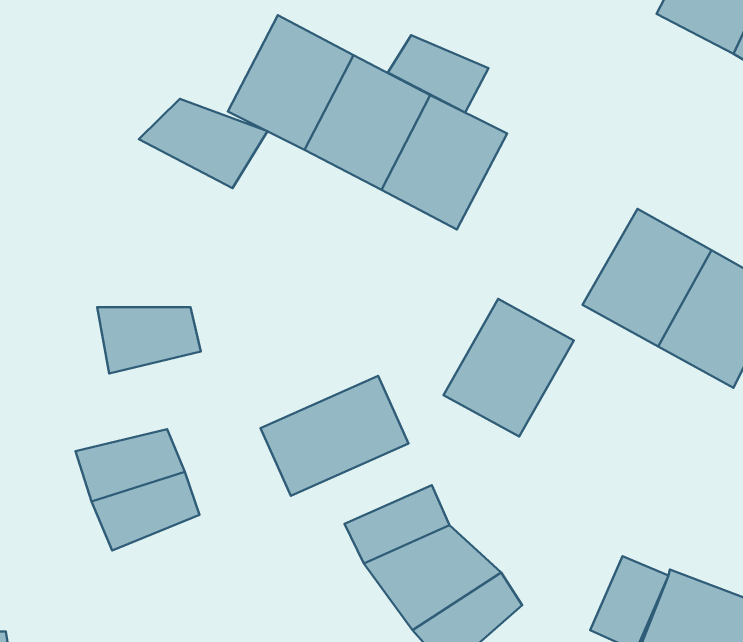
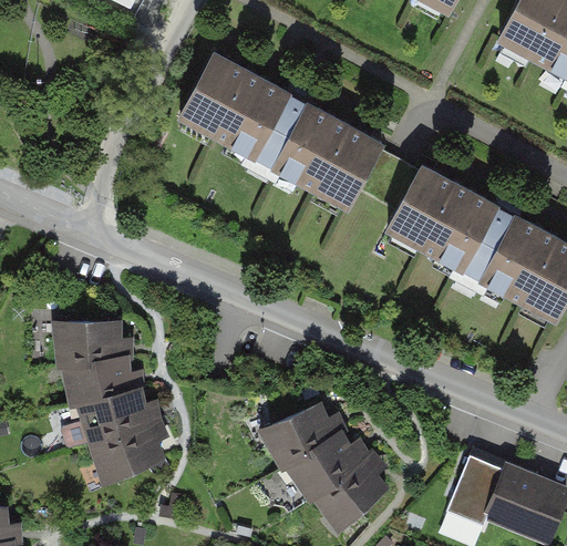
building: [388,35,488,113] -> none
building: [139,99,268,188] -> none
building: [444,299,574,436] -> [384,162,482,265]
building: [97,307,201,374] -> [52,324,130,374]
building: [260,376,408,496] -> none
building: none -> [89,422,167,490]

